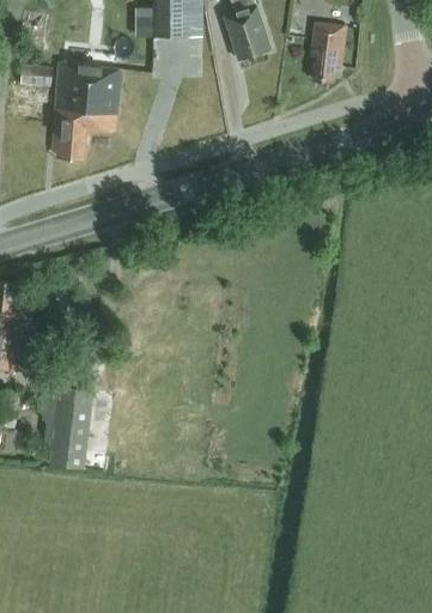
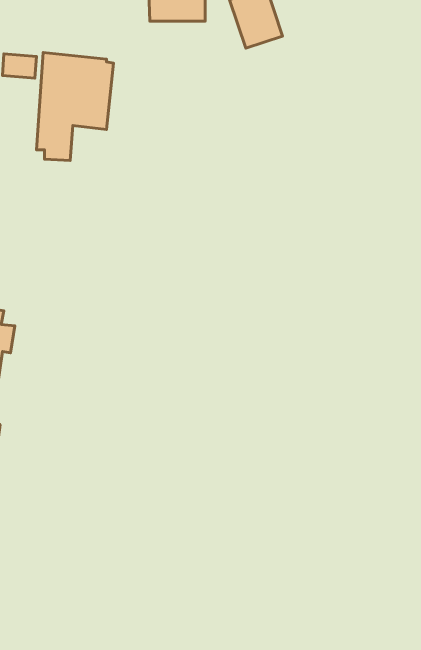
building: [311,20,346,79] -> none
building: [49,388,93,467] -> none

